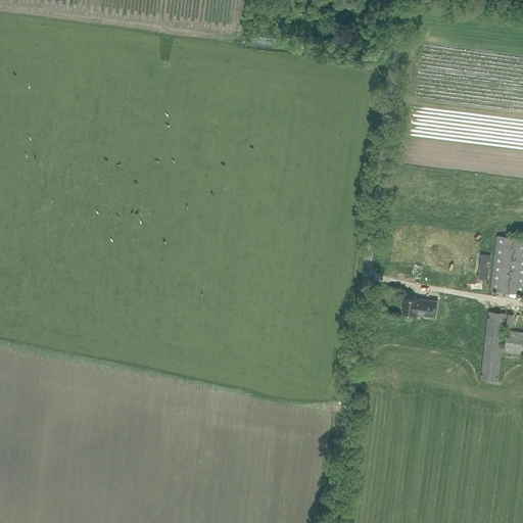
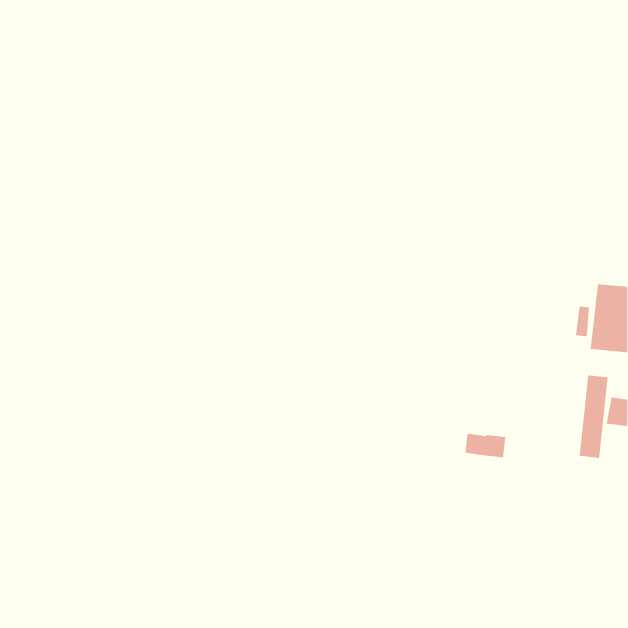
building: [403,297,438,318] -> [464,433,506,458]

